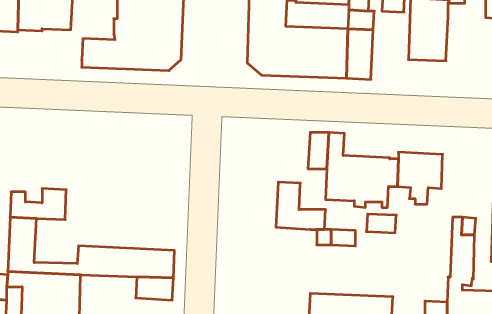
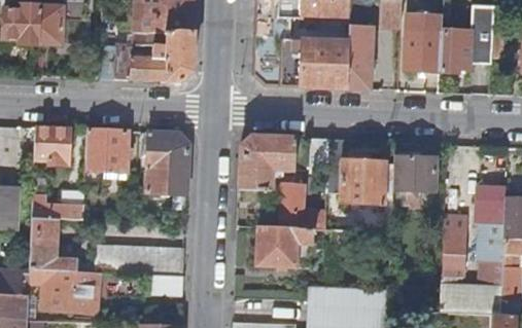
building: none -> [439,30,469,72]
building: none -> [34,126,70,165]
building: none -> [84,129,128,172]
building: none -> [146,131,189,194]
building: none -> [239,135,295,190]
building: none -> [256,226,312,266]

